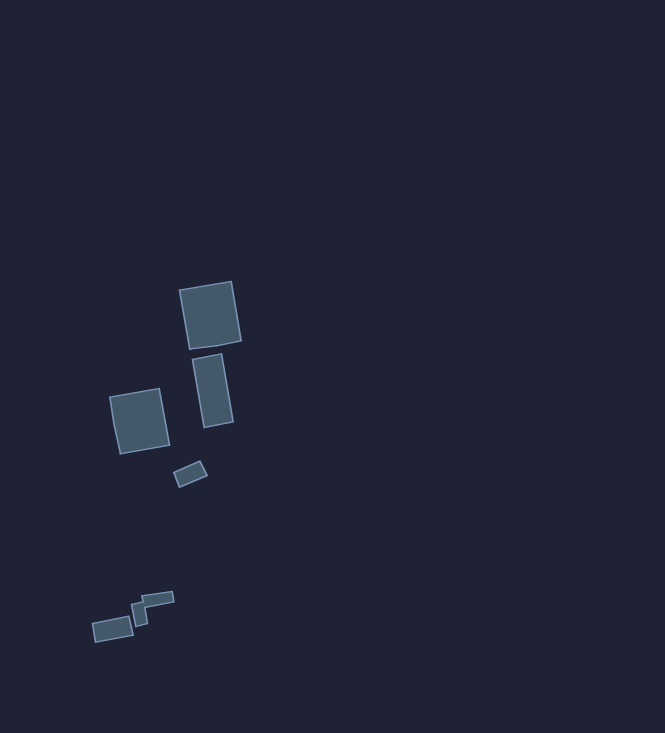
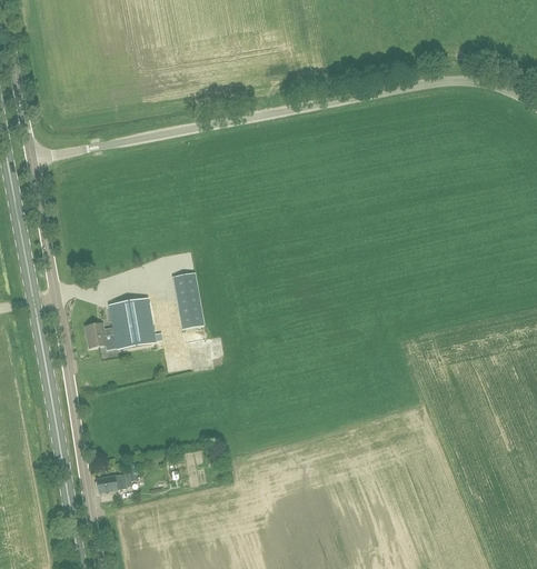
building: [180,282,241,349] -> none
building: none -> [84,321,117,348]

